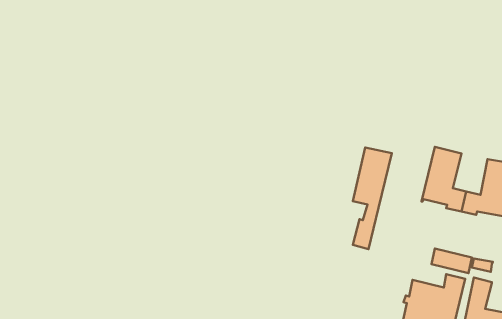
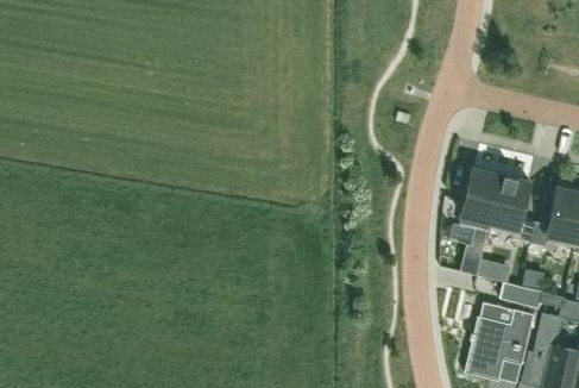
building: [353,148,392,249] -> [460,167,502,275]

